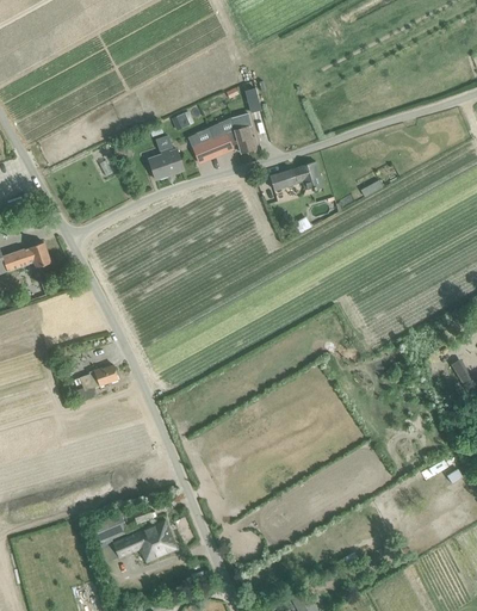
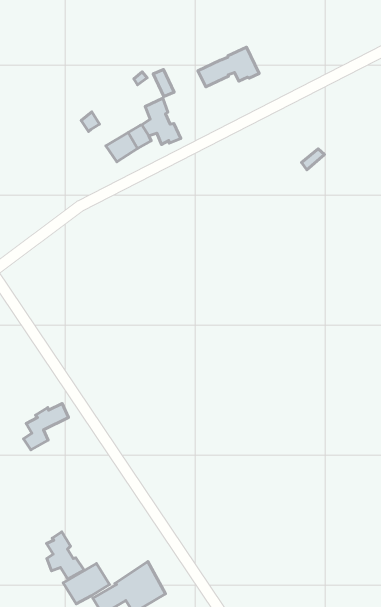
building: [147,148,182,178] -> none
building: [268,161,322,190] -> [198,47,259,87]
building: none -> [47,532,84,579]

